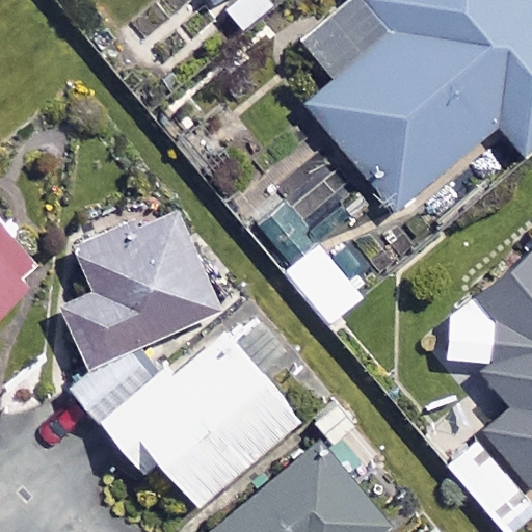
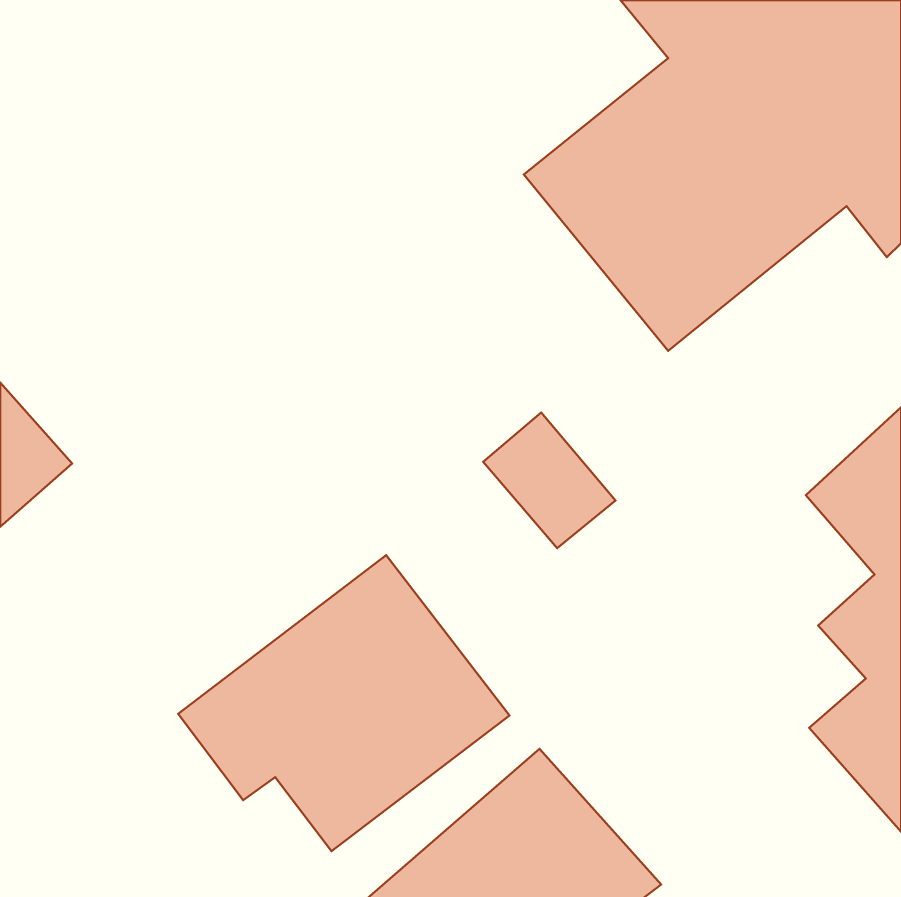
building: [47,219,220,414] -> none

